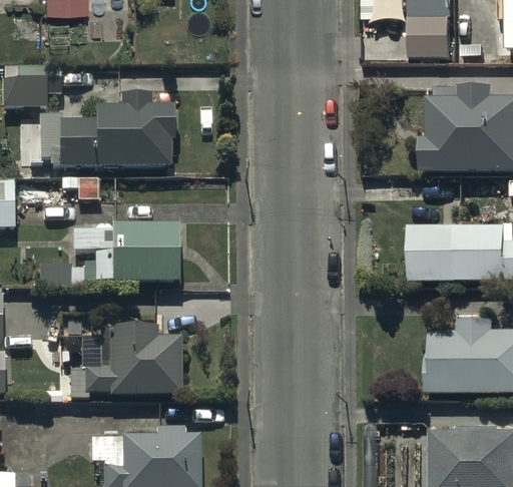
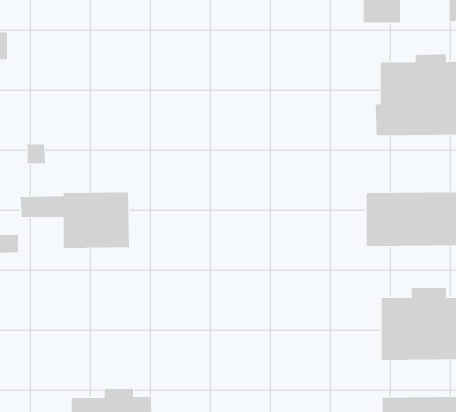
building: [56,104,174,167] -> none
building: [82,326,180,394] -> none

